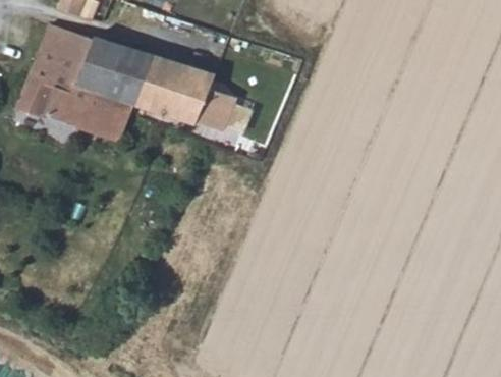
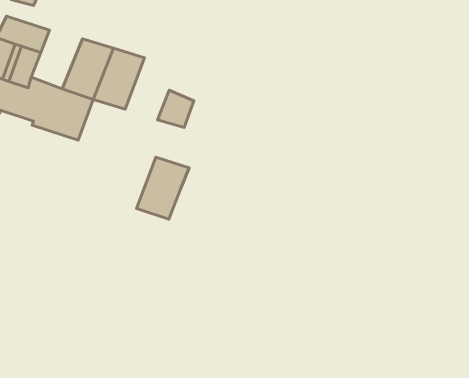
building: [75,36,124,94] -> none
building: [165,64,215,123] -> [137,157,189,219]

